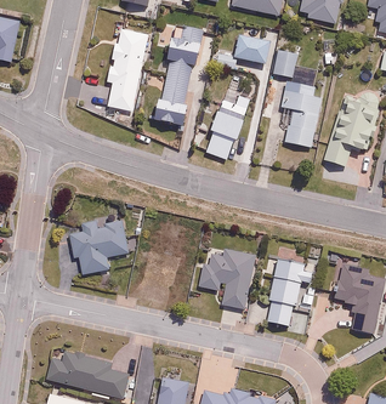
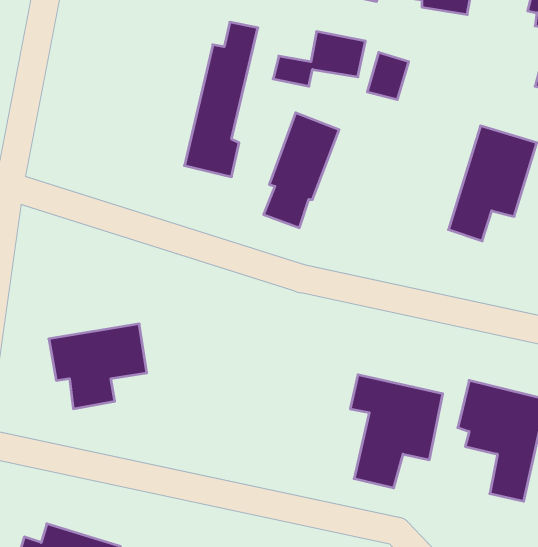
building: [106,28,147,110] -> none
building: [279,79,323,148] -> none
building: [197,245,256,311] -> none

